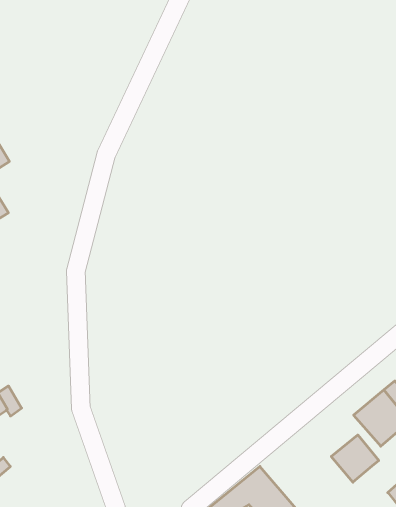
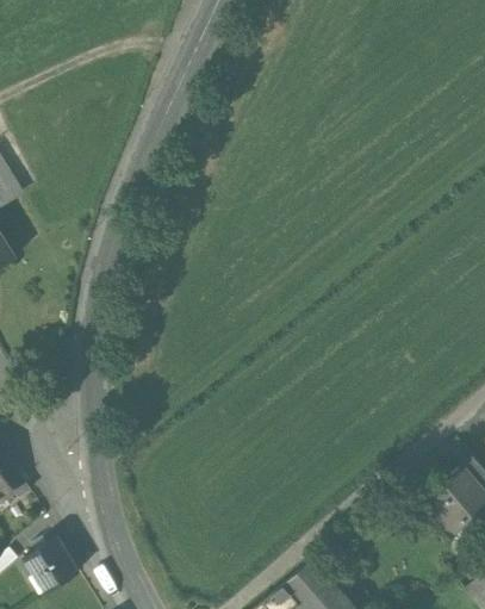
building: [331,435,379,482] -> none
building: none -> [23,535,79,592]

